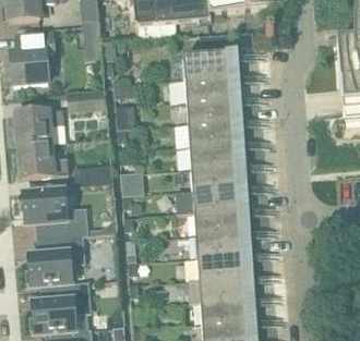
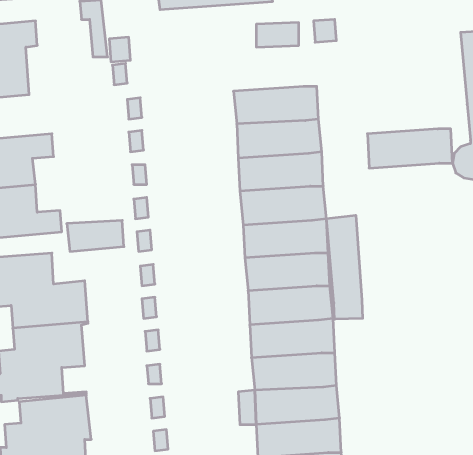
building: [183,52,240,78] -> [367,129,452,168]
building: [68,89,106,109] -> none
building: none -> [327,215,363,319]

